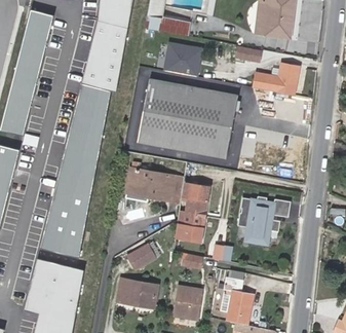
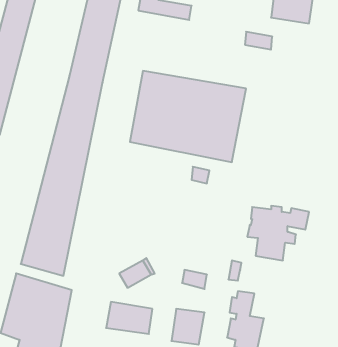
building: [163,42,202,76] -> none
building: [253,63,298,95] -> none
building: [125,171,180,202] -> none
building: [177,182,208,239] -> none

